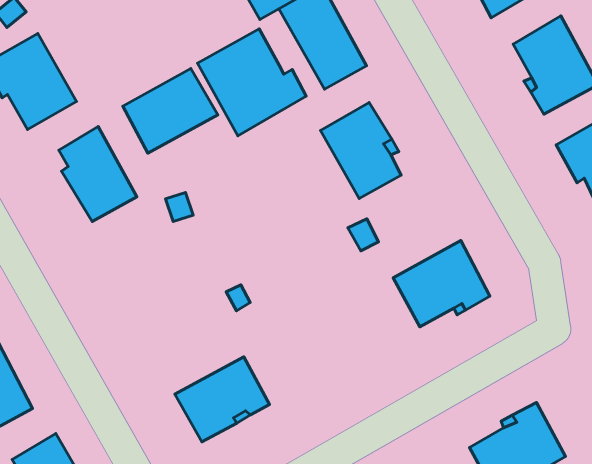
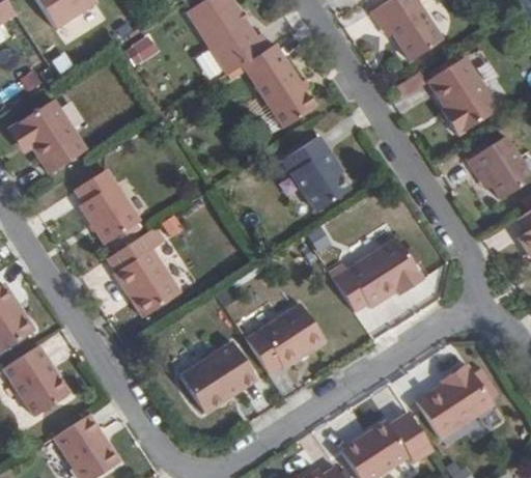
building: [198,29,306,136] -> none
building: [123,69,218,153] -> none
building: none -> [107,234,178,318]
building: none -> [246,304,325,375]

